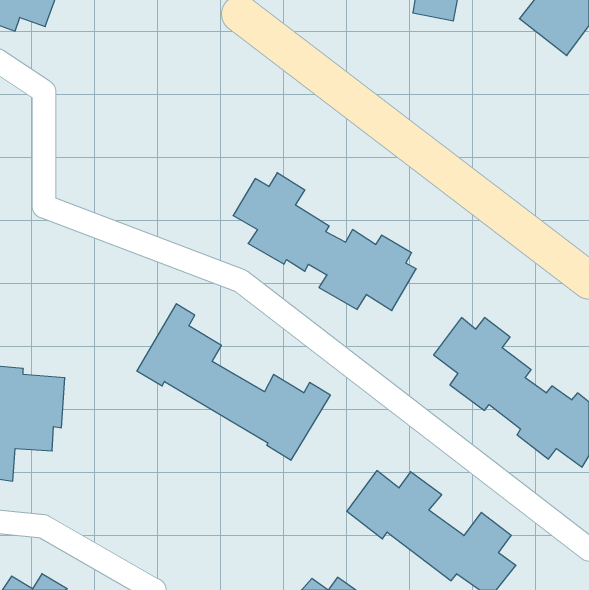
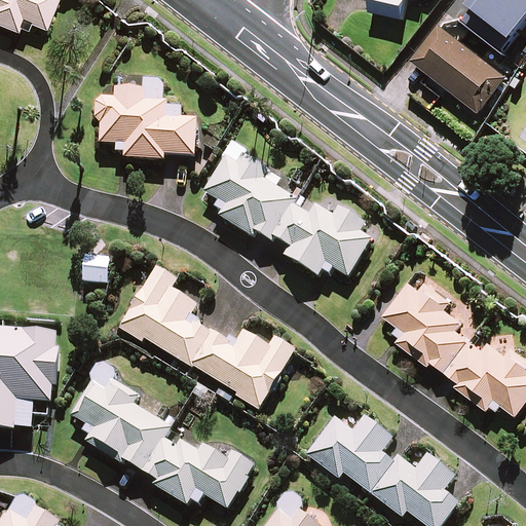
building: none -> [413,26,506,112]
building: none -> [102,89,195,158]
building: none -> [75,383,253,505]

